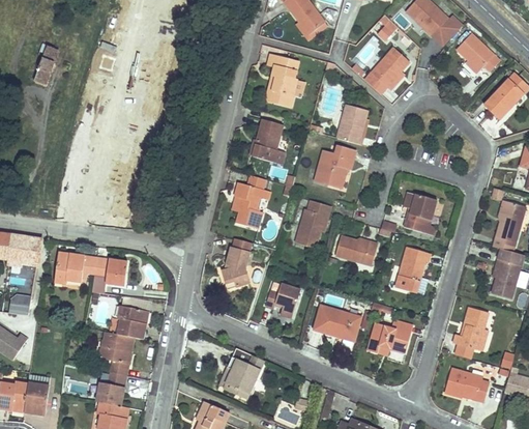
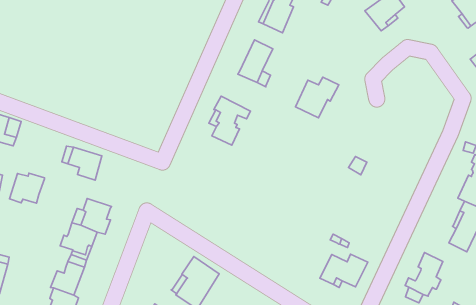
building: [335,104,366,145] -> none
building: [403,193,438,236] -> none
building: [295,200,330,248] -> none
building: [335,236,378,265] -> none
building: [394,247,431,296] -> none
building: [222,249,249,289] -> none
building: [54,253,86,284] -> [9,173,44,203]
building: [264,280,300,318] -> none
building: [314,306,360,341] -> none

